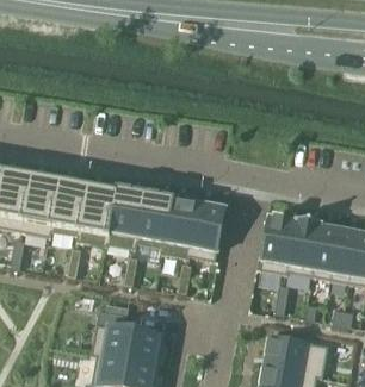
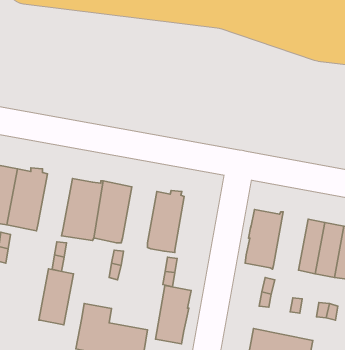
building: [52,177,87,233] -> [39,269,73,325]
building: [137,191,172,246] -> none
building: [190,200,225,258] -> [155,286,191,344]
building: [289,216,323,274] -> none

